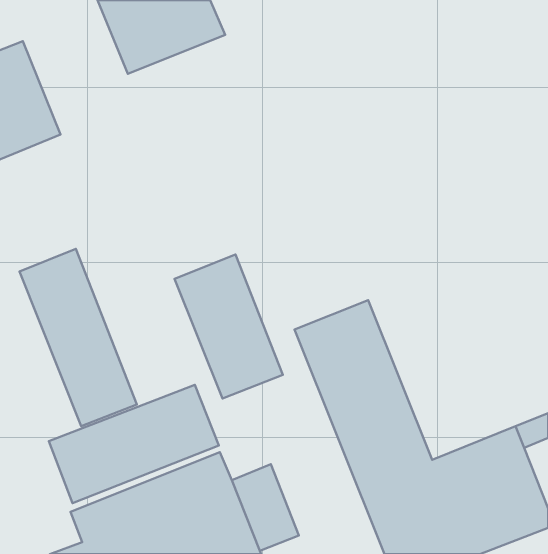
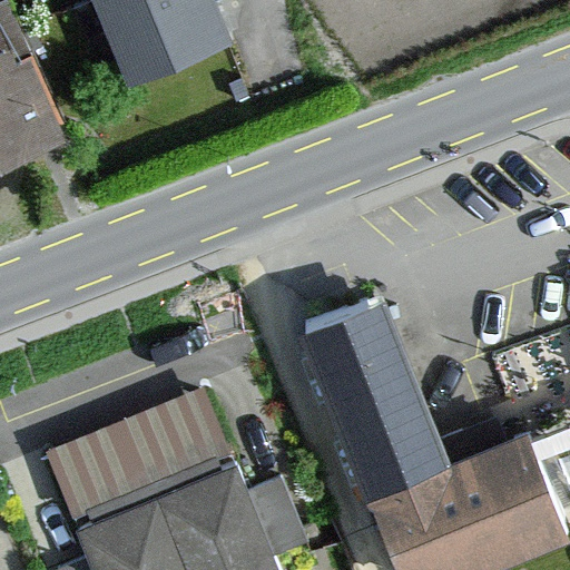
building: [20,249,137,426] -> none
building: [175,255,283,398] -> none

